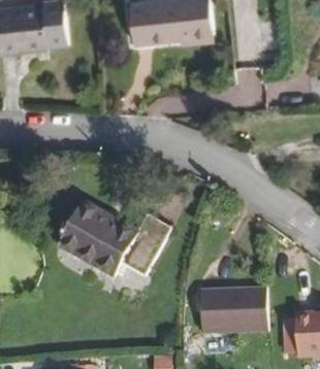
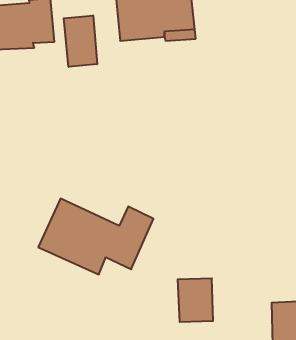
building: none -> [64,15,97,67]
building: [230,286,262,330] -> none

